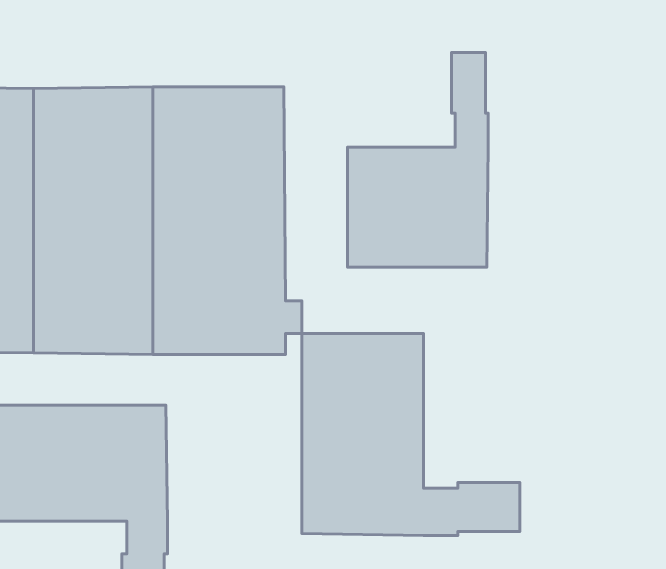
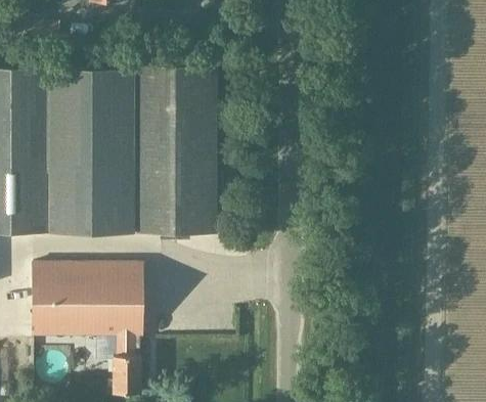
building: [348,52,488,267] -> none
building: [302,333,520,535] -> none

